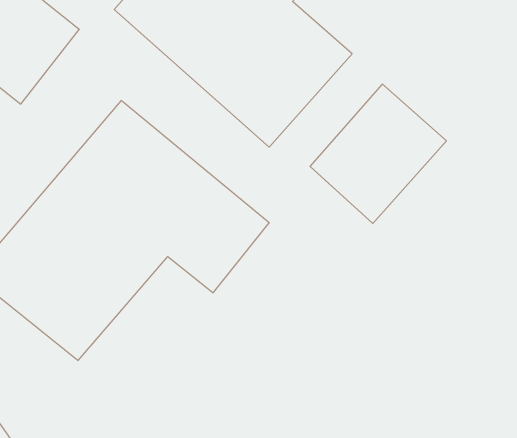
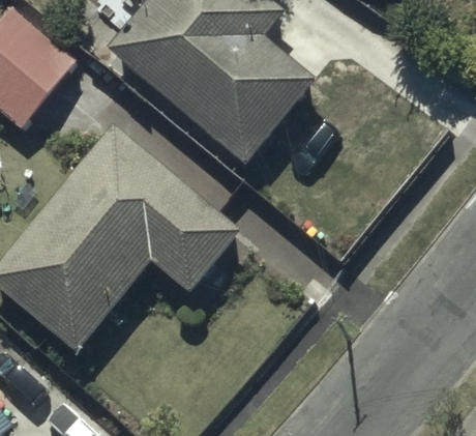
building: [310,84,446,223] -> none

